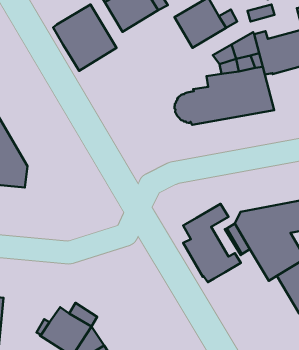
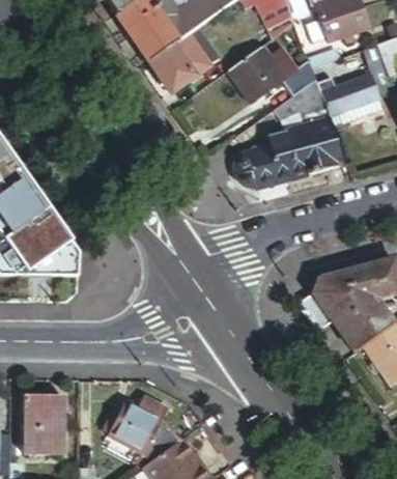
building: [53,4,117,71] -> none
building: [183,204,241,282] -> none

